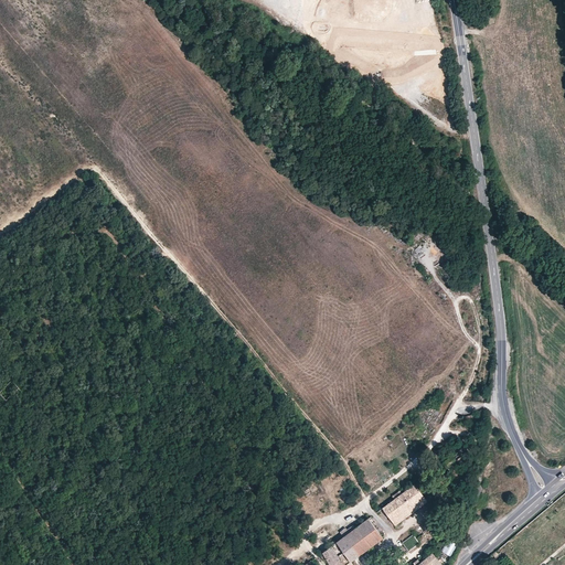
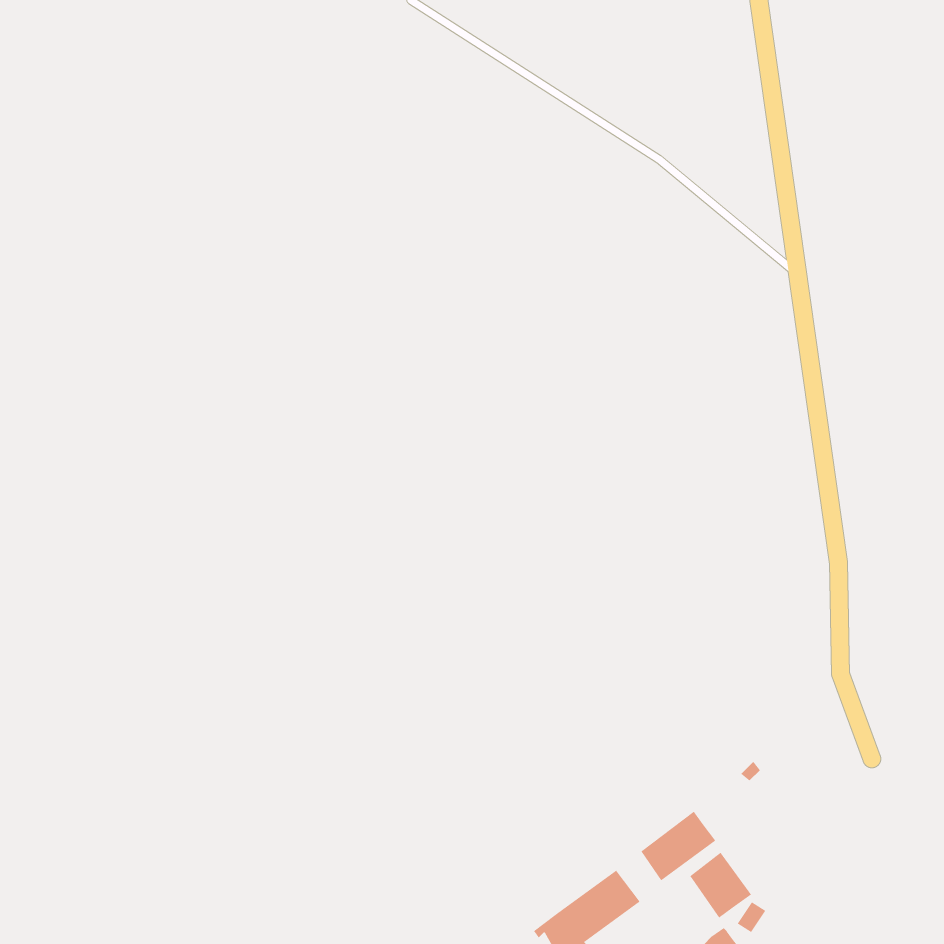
building: none -> [689,852,752,919]

